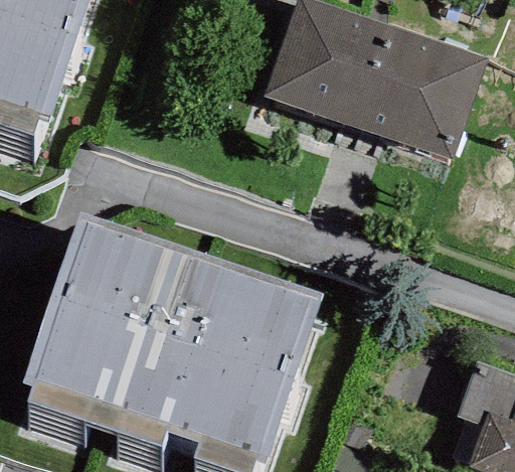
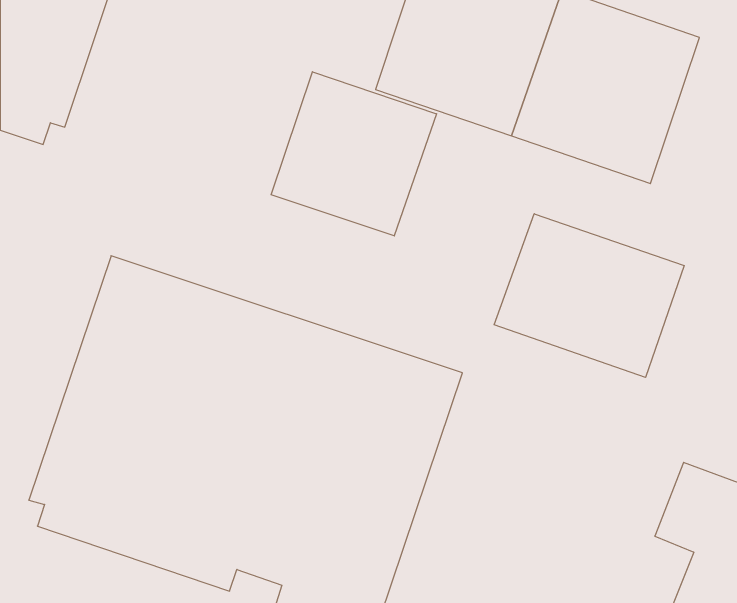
building: none -> [271,72,437,236]
building: none -> [494,214,684,377]

